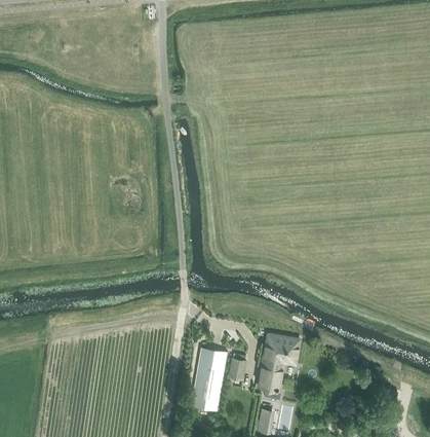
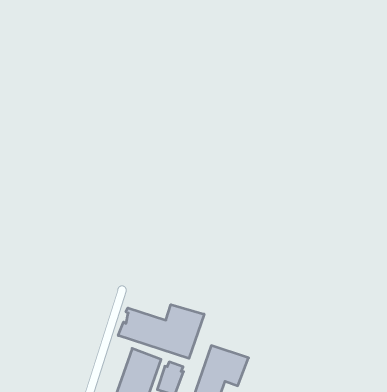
building: none -> [118,305,204,358]

